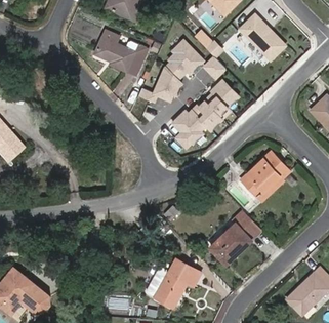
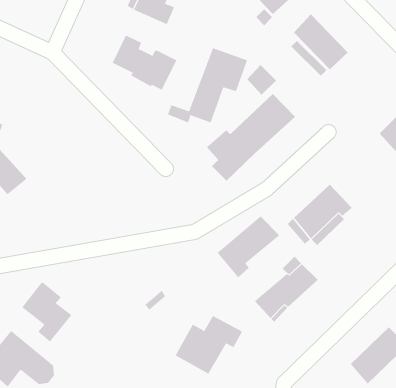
building: none -> [217,216,280,278]
building: none -> [22,281,72,342]

